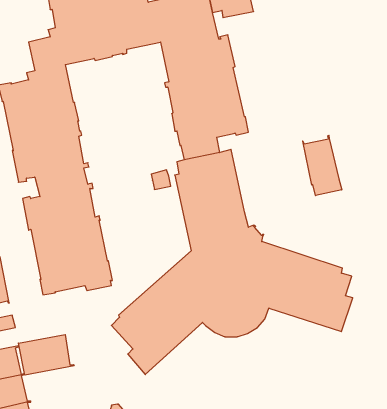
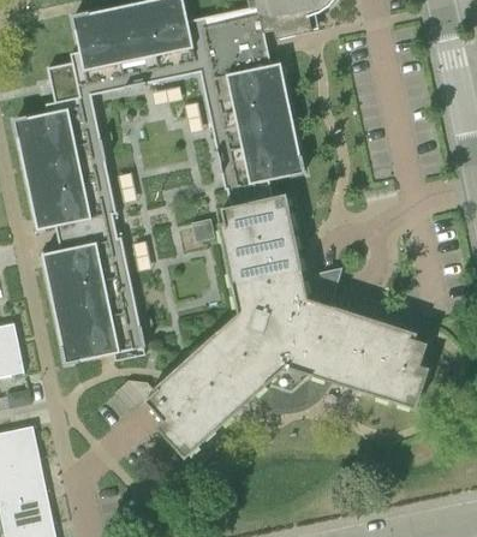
building: [303,135,342,196] -> none
building: [18,335,74,375] -> none

